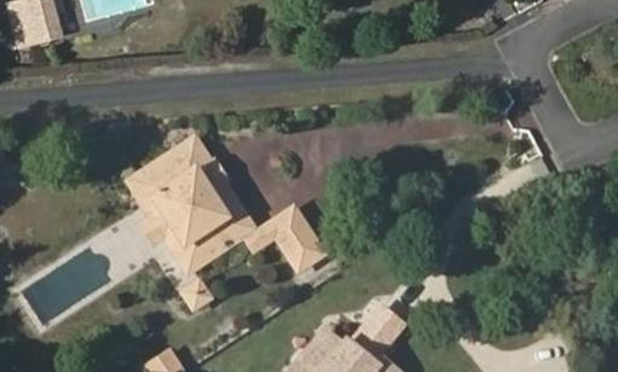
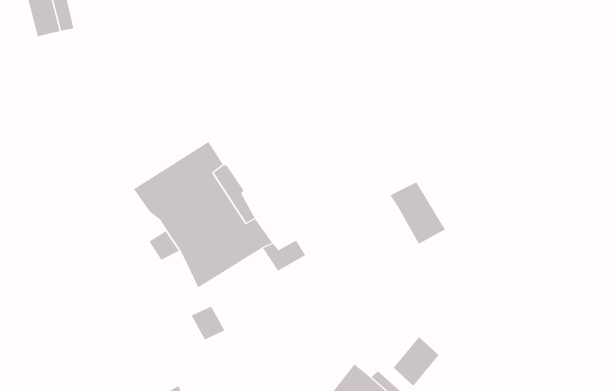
building: [272,211,322,267] -> [390,181,446,245]

